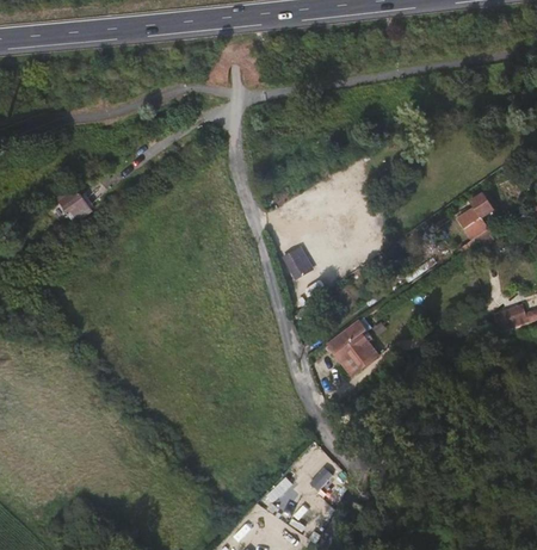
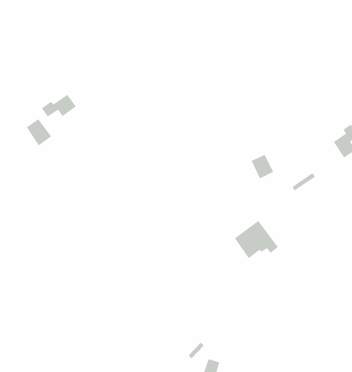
building: none -> [41,94,77,118]
building: [283,247,314,280] -> [250,154,274,180]

